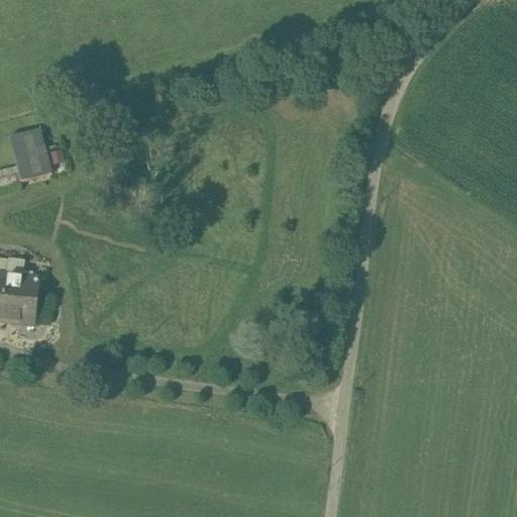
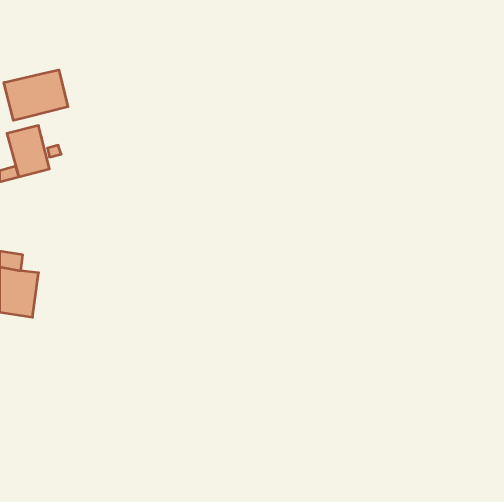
building: none -> [4,70,68,120]

